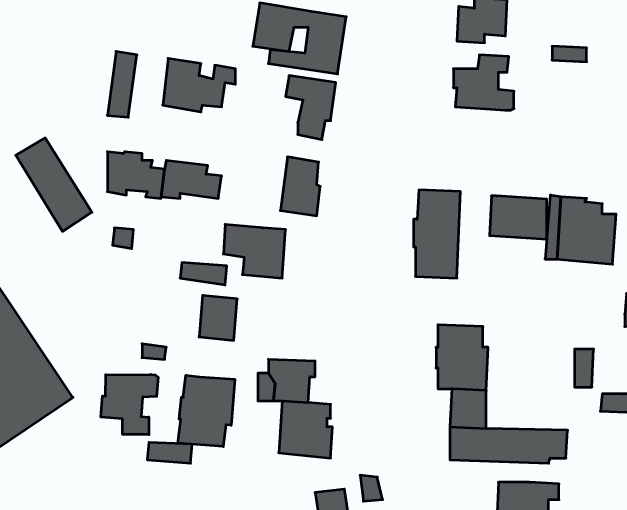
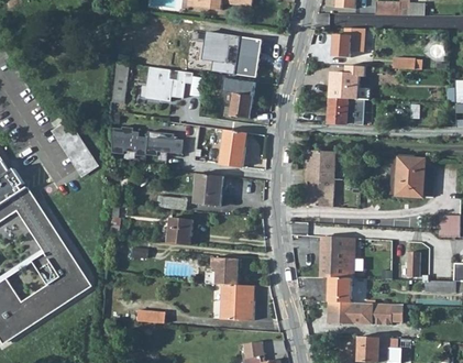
building: [490,196,547,239] -> [327,98,363,125]
building: [101,374,158,435] -> none
building: [178,375,235,447] -> none

